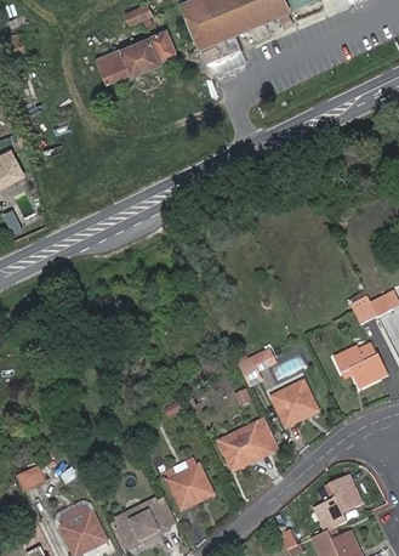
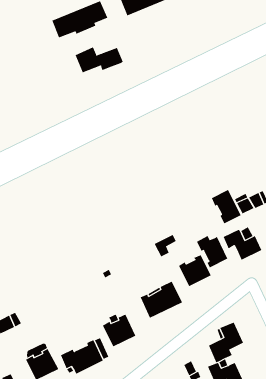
building: none -> [75,47,124,73]
building: none -> [211,189,241,224]
building: none -> [196,235,228,268]

